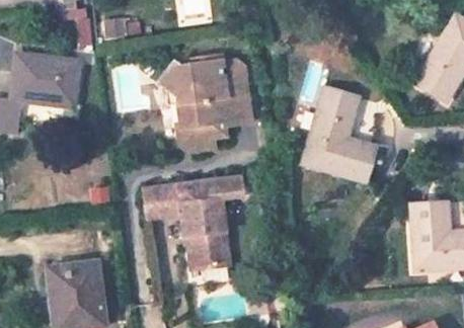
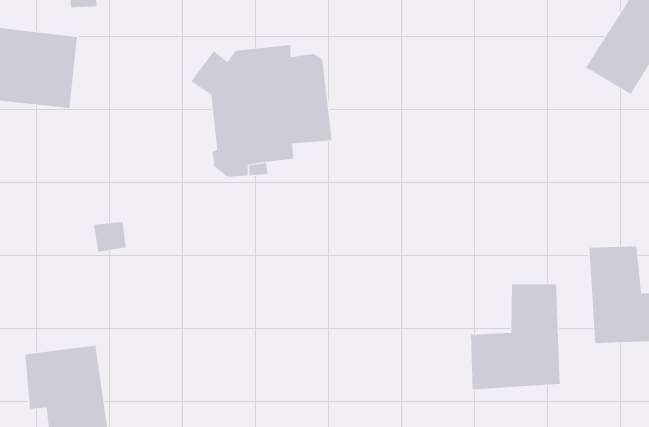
building: [306,86,382,181] -> none
building: [141,172,242,267] -> none
building: none -> [470,283,560,390]

